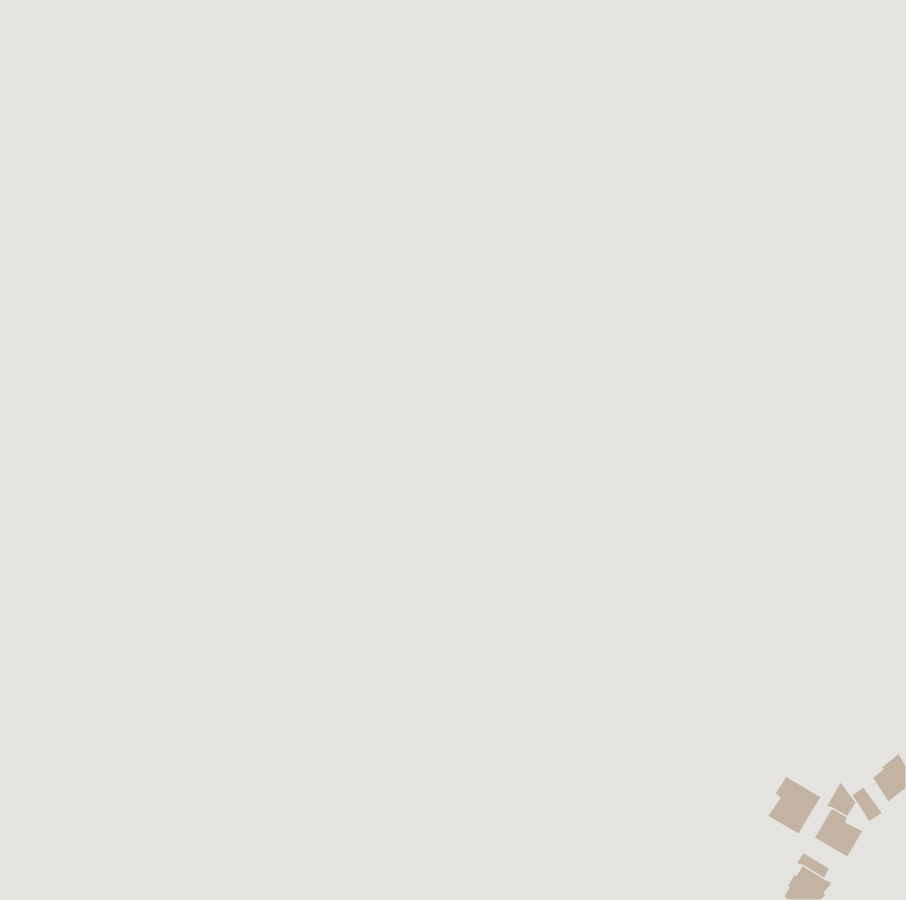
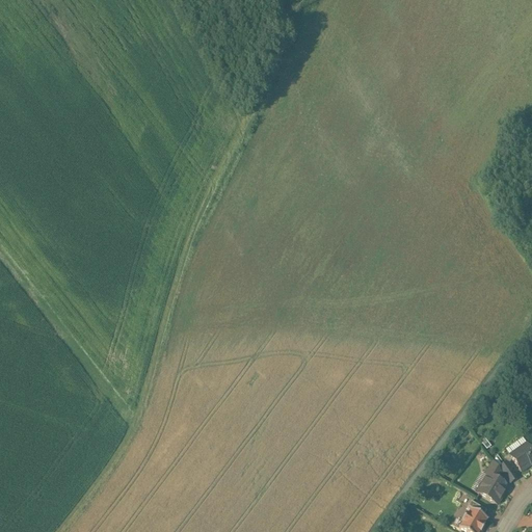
building: [767,776,821,834] -> none

